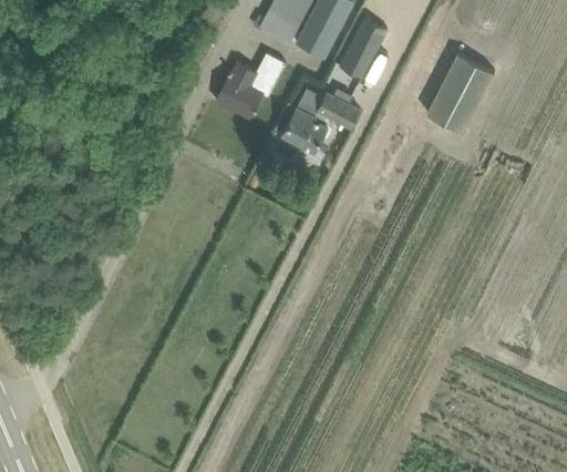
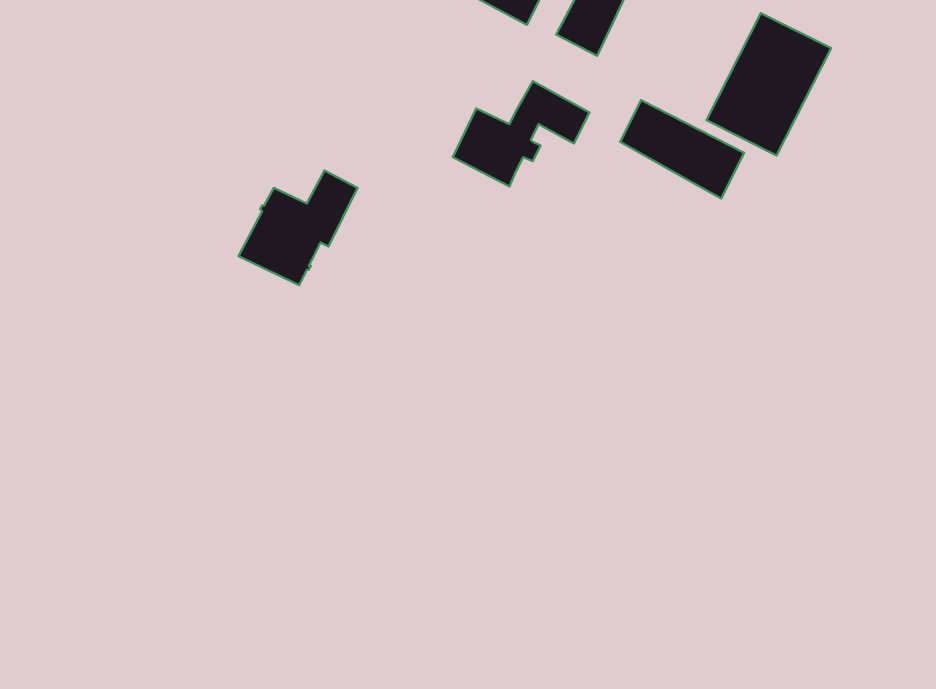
building: [215,52,282,117] -> [239,170,358,285]
building: none -> [620,100,744,198]

